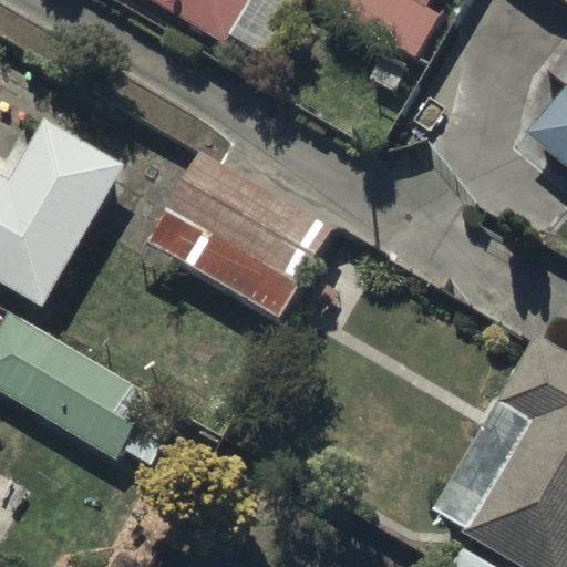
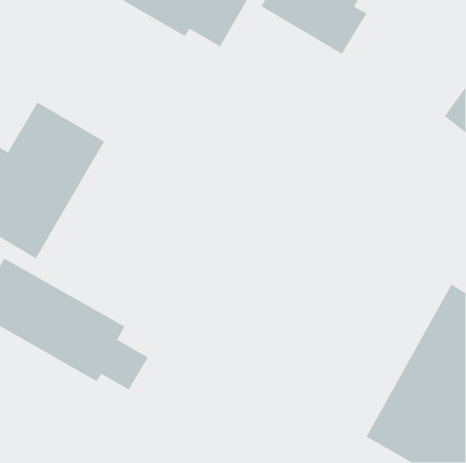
building: [131,132,322,300] -> none

